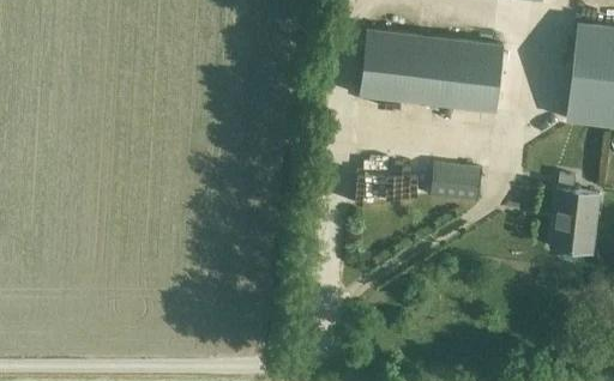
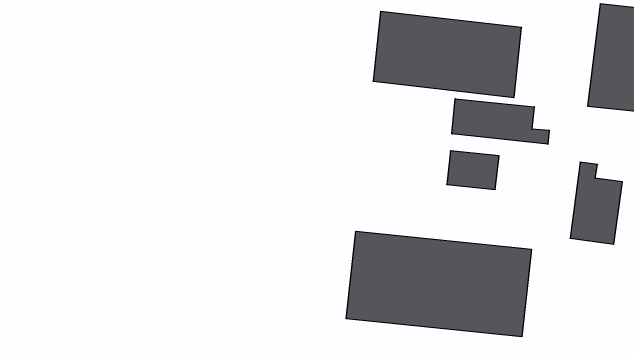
building: none -> [452,99,549,144]
building: none -> [346,231,531,337]

